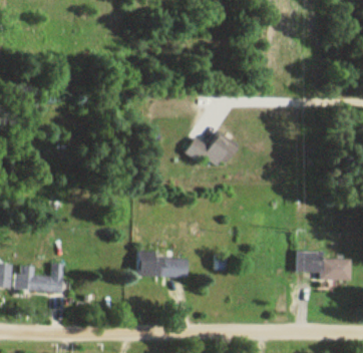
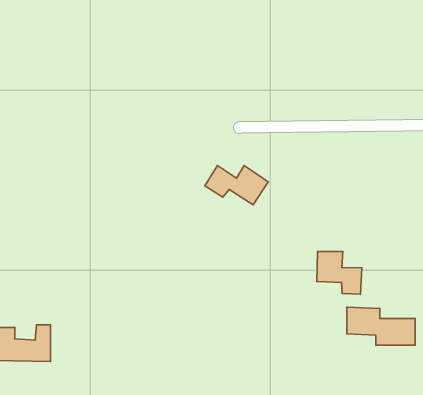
building: none -> [317,251,362,294]
building: [138,251,189,277] -> none

